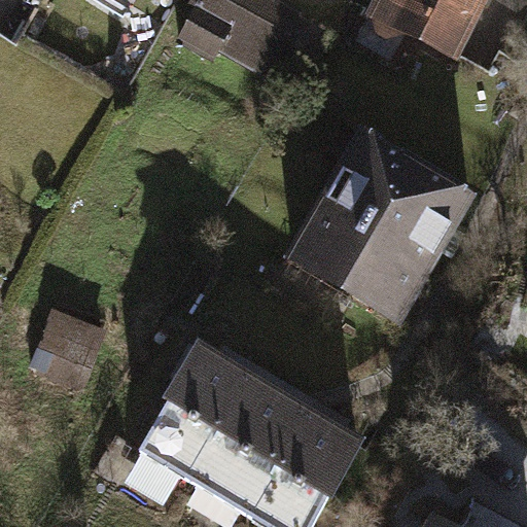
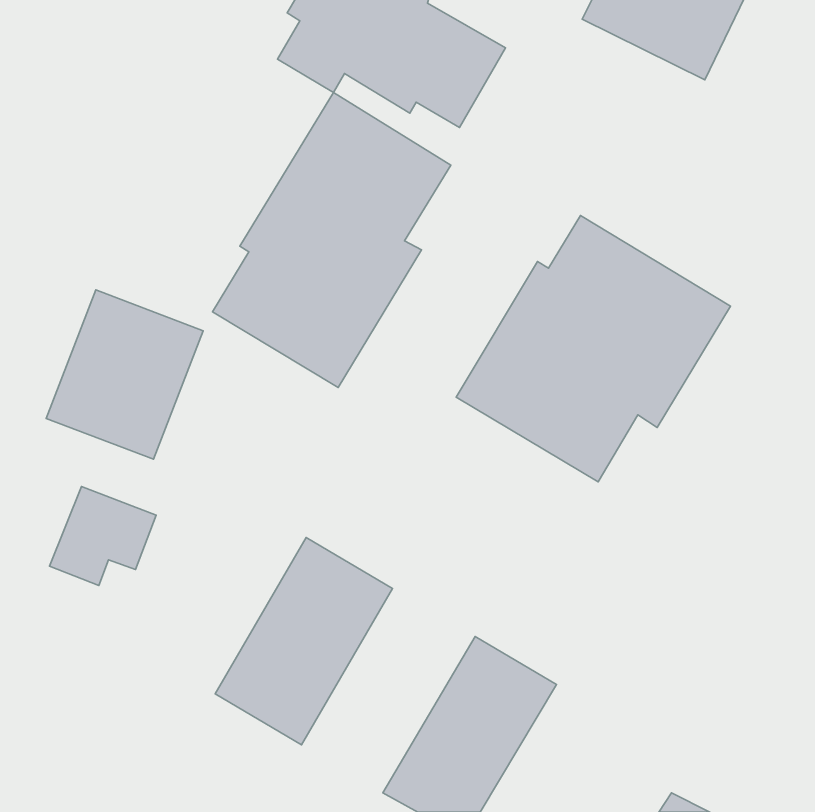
building: none -> [213,93,451,388]
building: none -> [46,290,203,459]
building: [195,380,307,512] -> none

